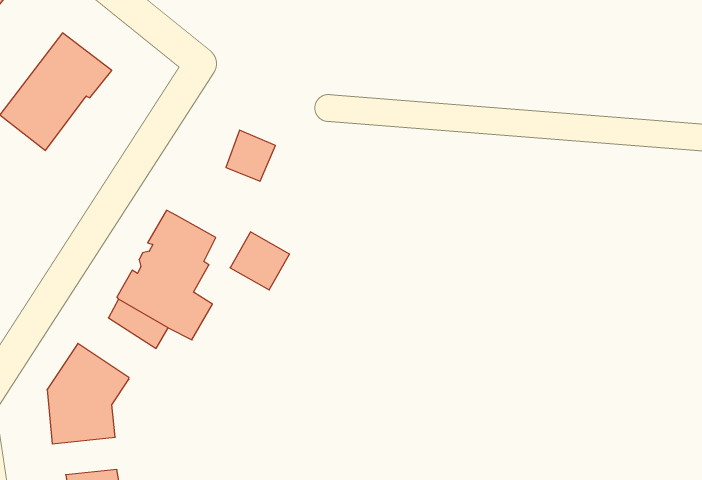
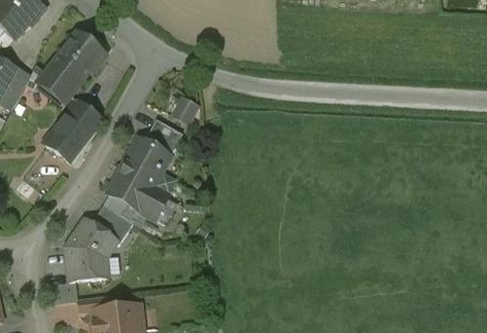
building: none -> [44,100,104,161]
building: [230,232,290,290] -> [145,120,181,155]
building: none -> [92,204,134,244]

